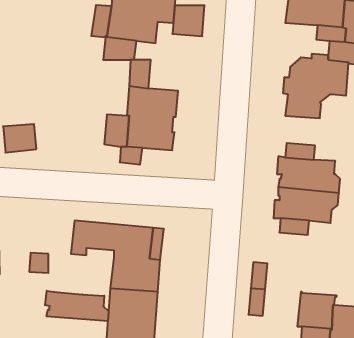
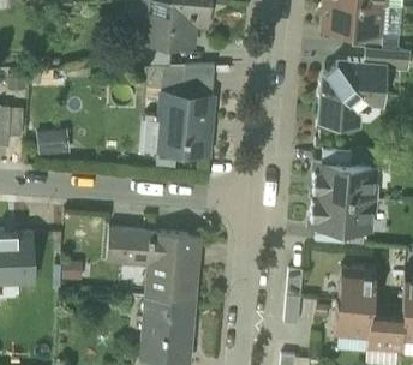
building: [172,5,205,36] -> [184,65,216,96]
building: none -> [339,265,376,303]
building: [45,291,109,321] -> none

